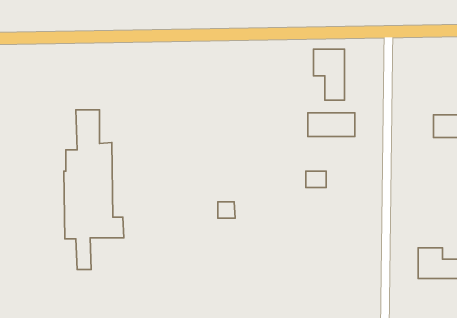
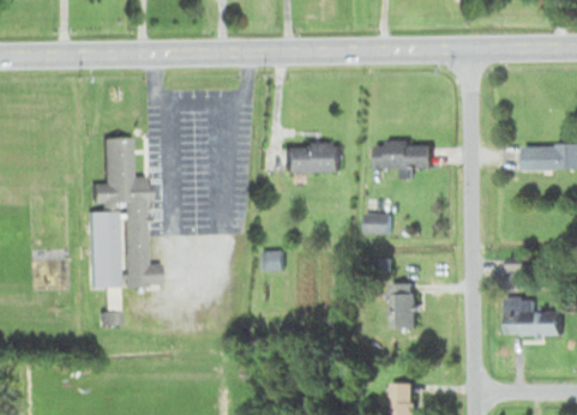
building: [314,49,344,100] -> none
building: none -> [283,144,337,173]
building: none -> [390,284,414,330]

